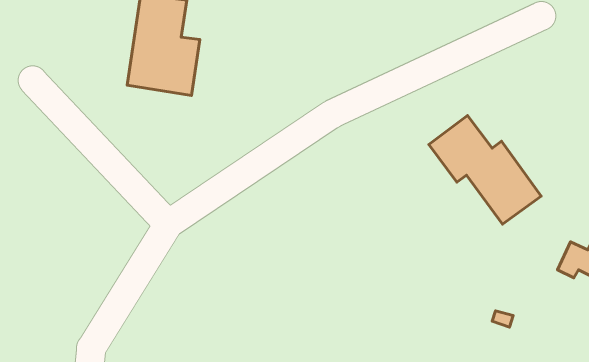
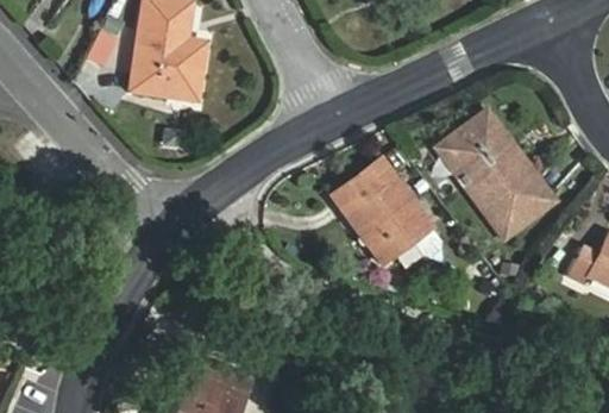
building: none -> [332,158,441,263]

